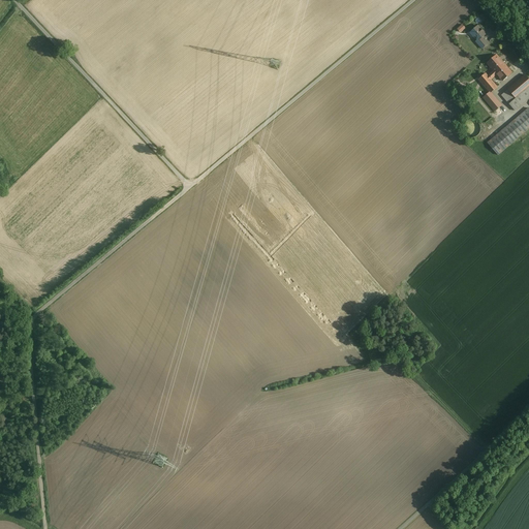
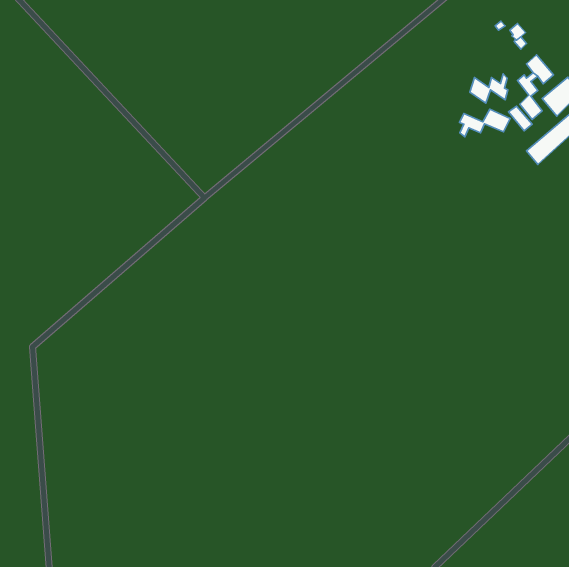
building: none -> [470,74,508,103]
building: none -> [460,109,510,137]

